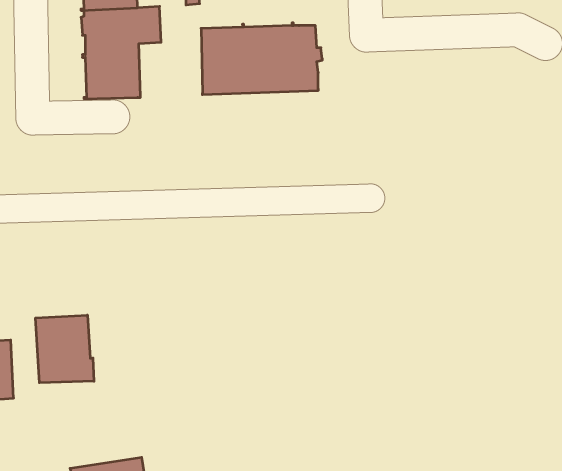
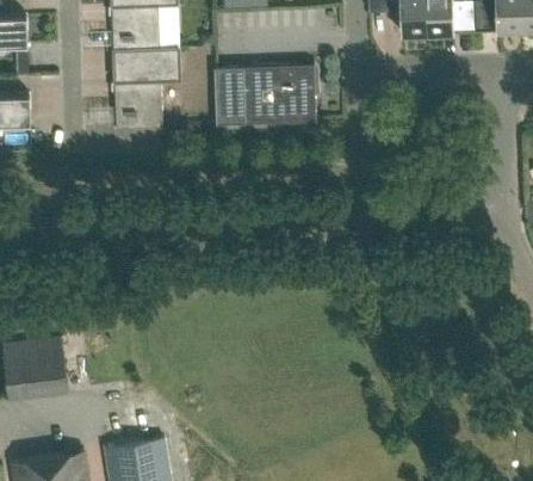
building: [36,315,94,383] -> none

